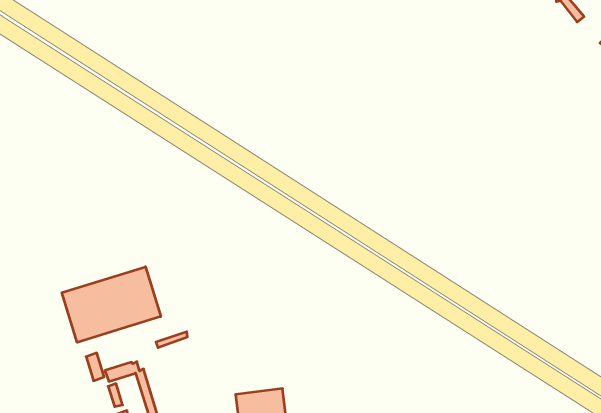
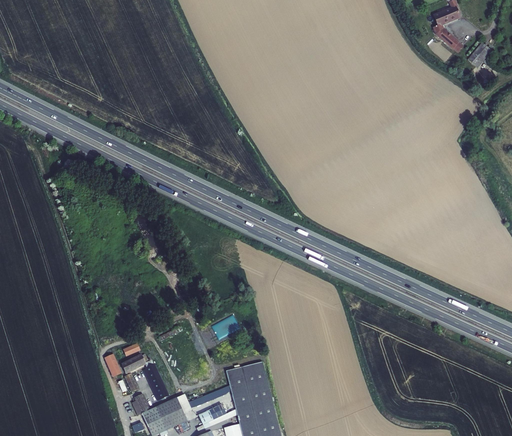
building: [62,267,161,342] -> none

